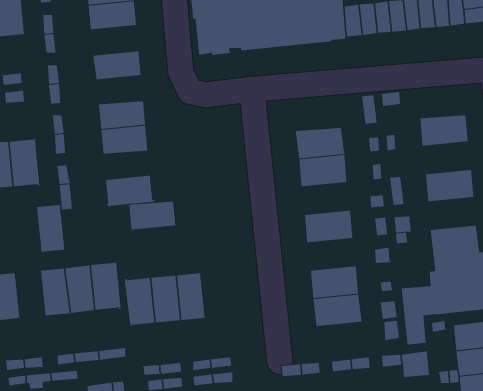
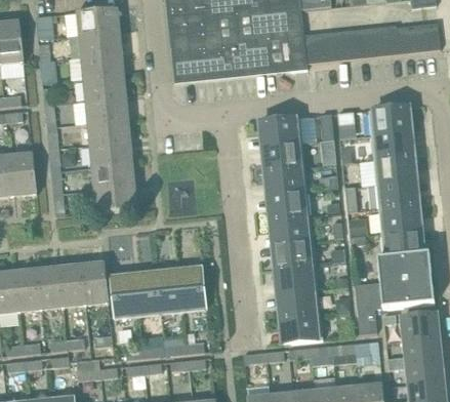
building: none -> [81,52,124,79]
building: none -> [86,96,128,122]
building: none -> [369,106,412,134]
building: none -> [259,117,302,146]
building: none -> [373,155,417,184]
building: none -> [267,191,311,219]
building: none -> [378,204,421,233]
building: [128,201,176,230] -> [92,163,134,189]
building: [36,204,65,252] -> [15,269,41,311]
building: none -> [272,240,316,269]
building: none -> [178,267,207,311]
building: none -> [280,314,323,343]

